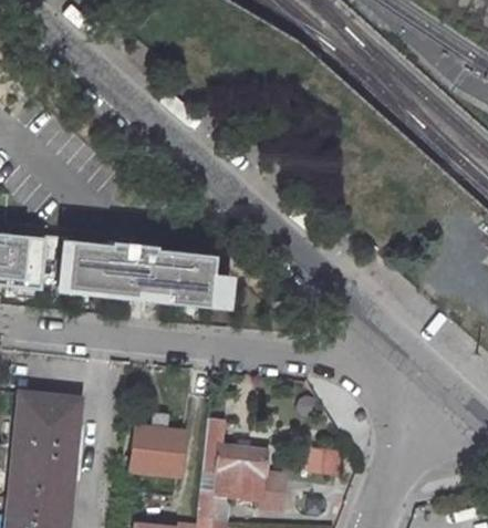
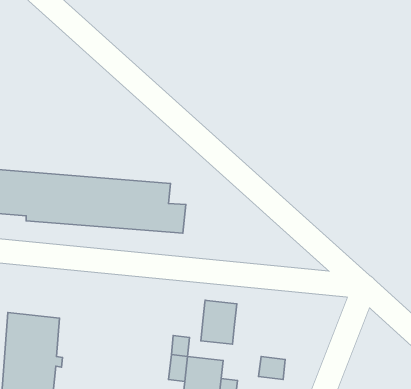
building: none -> [201,300,237,344]
building: [133,421,186,477] -> none

